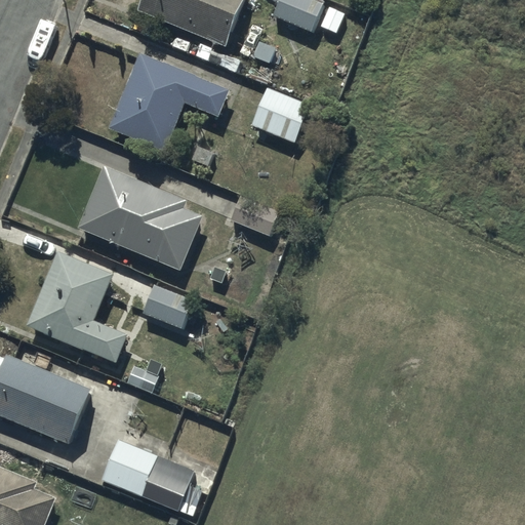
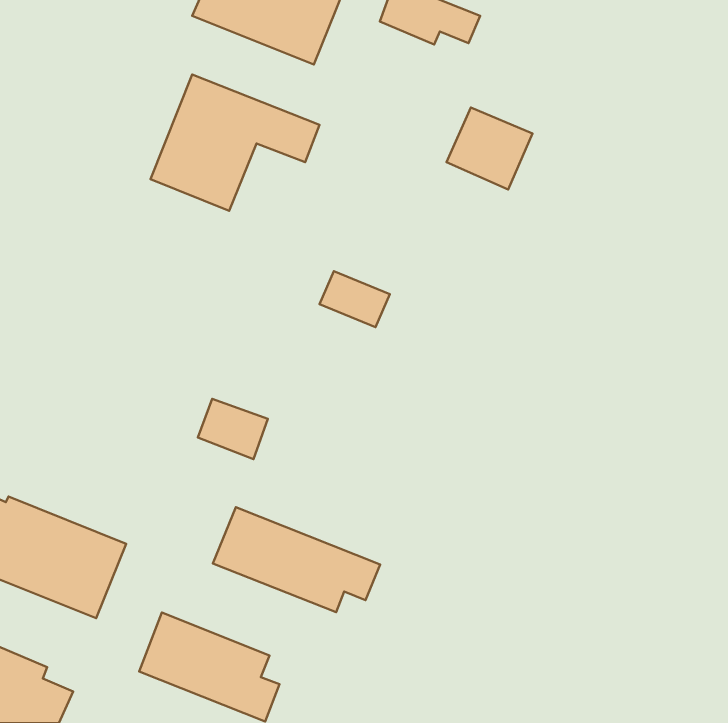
building: [249,85,311,144] -> [447,108,533,189]
building: [78,166,202,270] -> none
building: [25,250,127,363] -> none
building: none -> [213,507,380,612]

